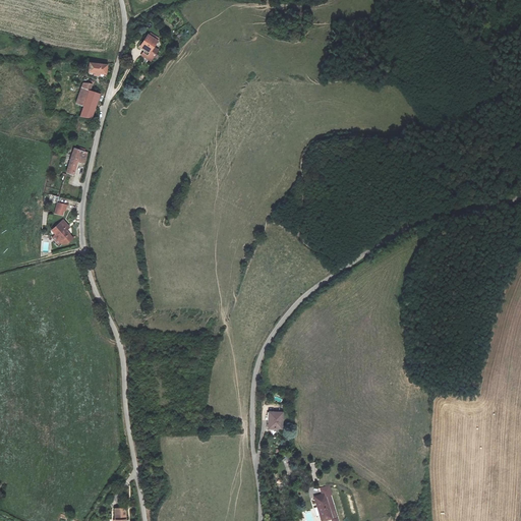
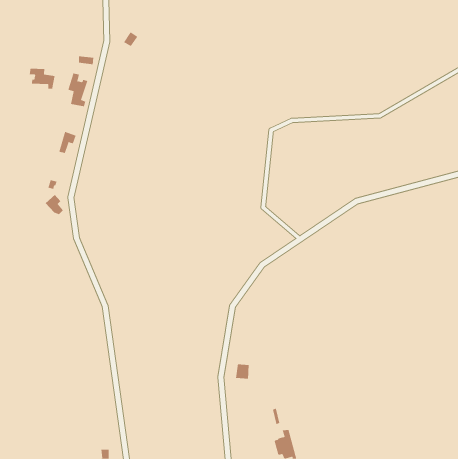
building: none -> [29,68,55,89]

